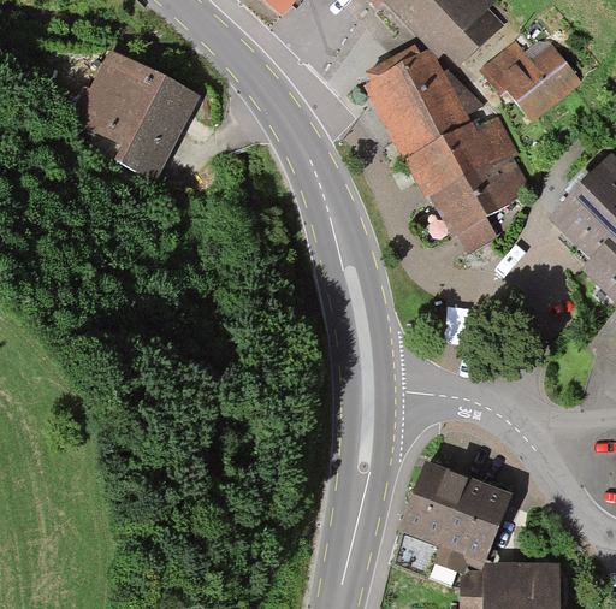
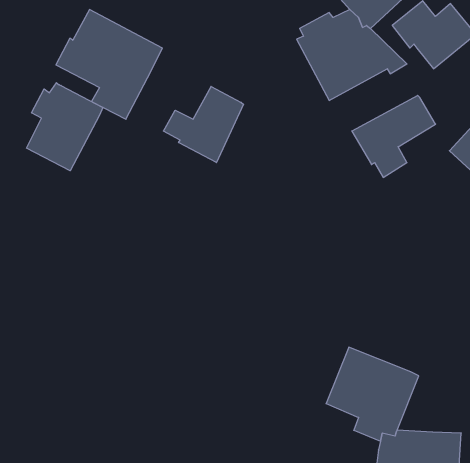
building: [402,114,517,200] -> none
building: none -> [27,83,103,171]
building: none -> [163,86,244,163]

